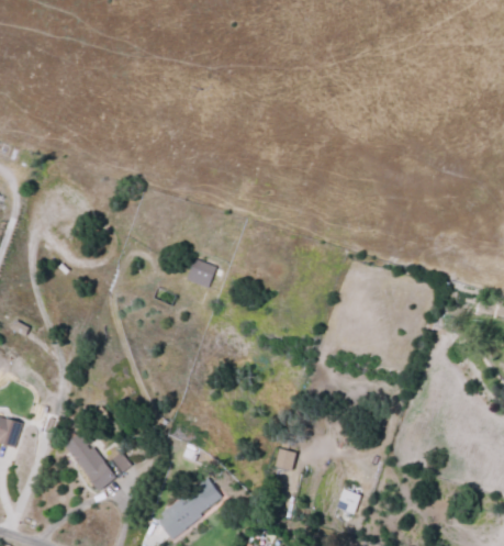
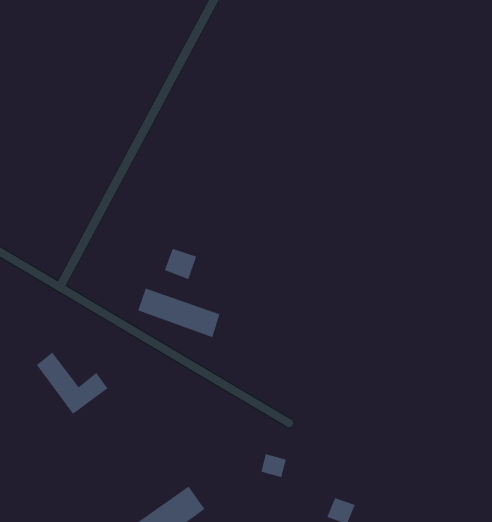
building: none -> [137,287,220,338]
building: [64,433,131,491] -> [36,352,109,415]

